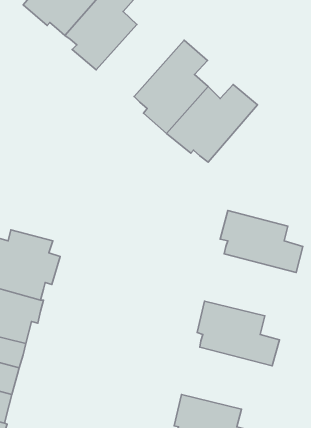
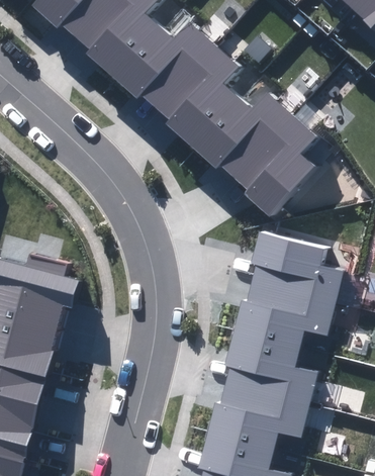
building: none -> [116,24,212,107]
building: none -> [239,116,316,217]
building: none -> [235,279,335,347]
building: none -> [209,381,308,449]

